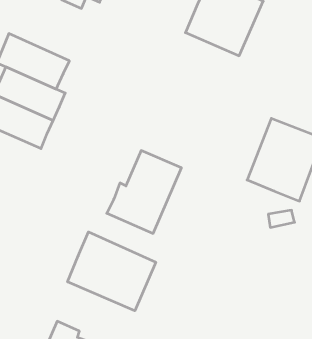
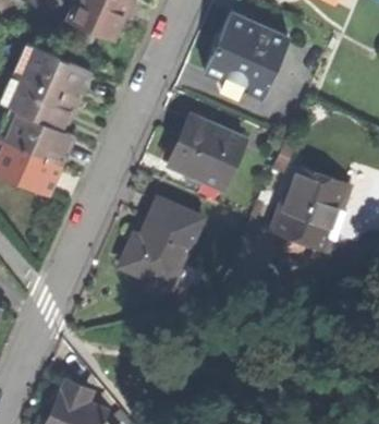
building: none -> [14,44,93,101]
building: none -> [170,116,244,186]
building: [68,232,156,311] -> none

